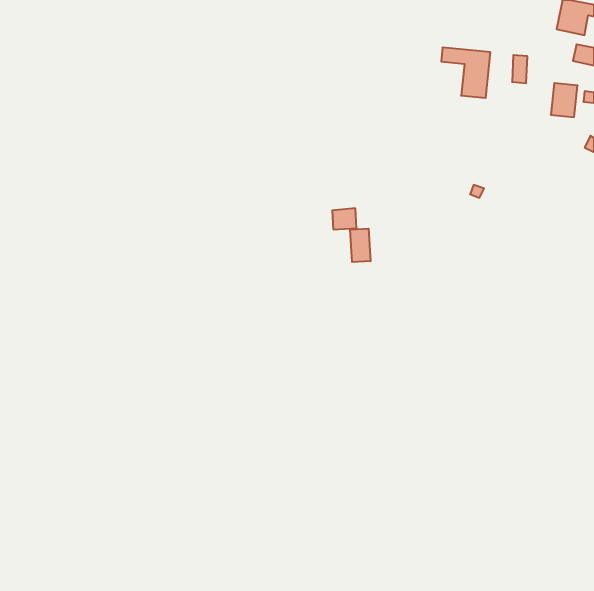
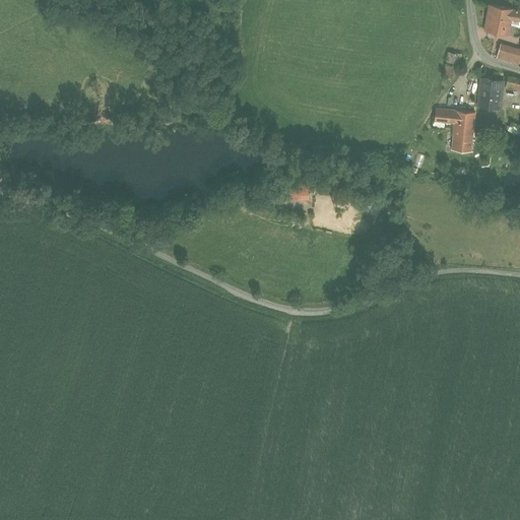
building: [441,48,490,98] -> [435,108,477,151]
building: [350,229,370,262] -> none

